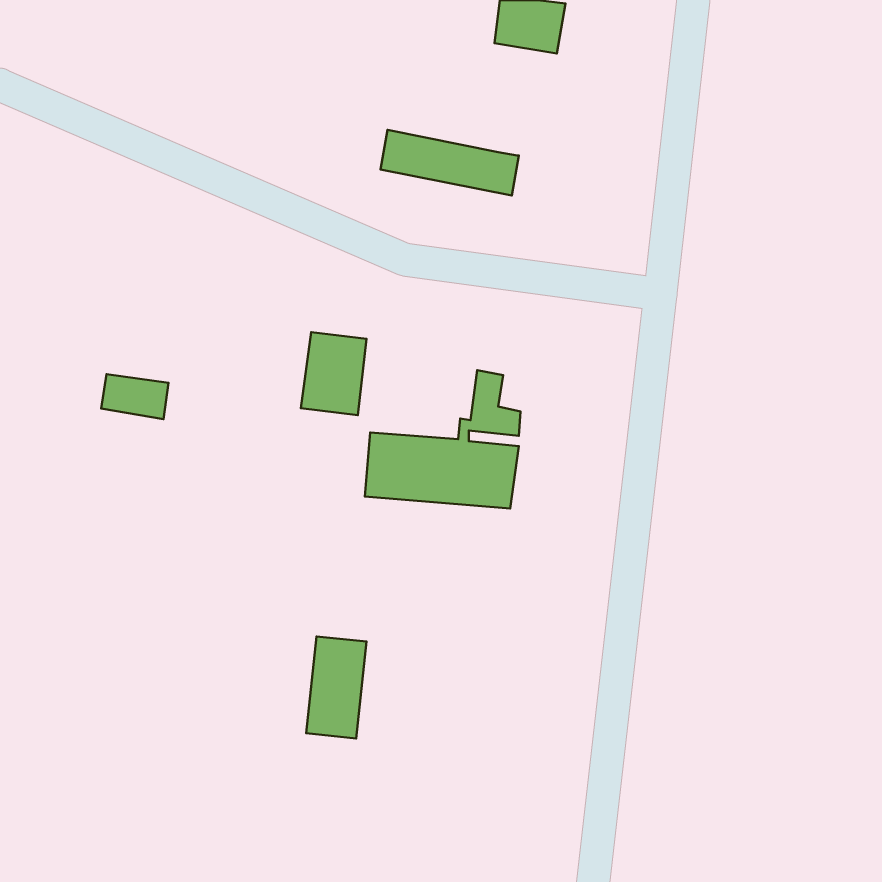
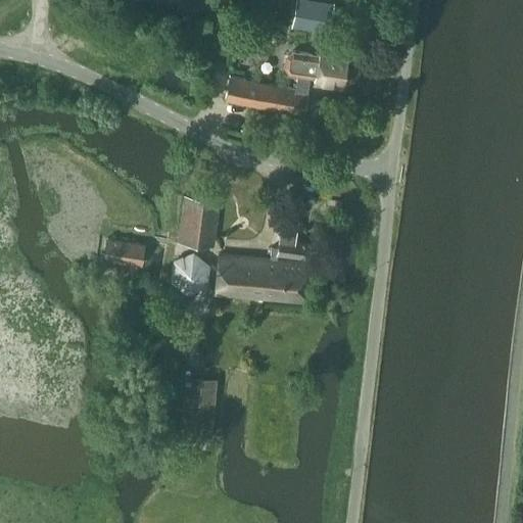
building: none -> [286,42,348,92]
building: [101,374,169,419] -> [104,239,144,266]
building: none -> [172,252,210,293]

